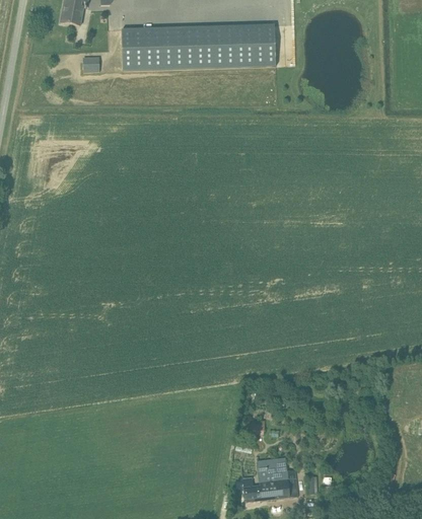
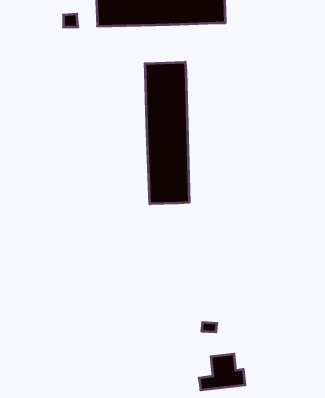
building: none -> [145,62,189,204]

